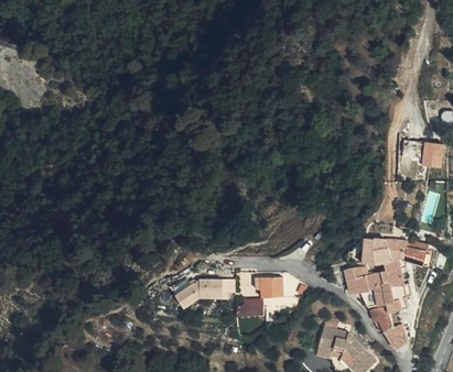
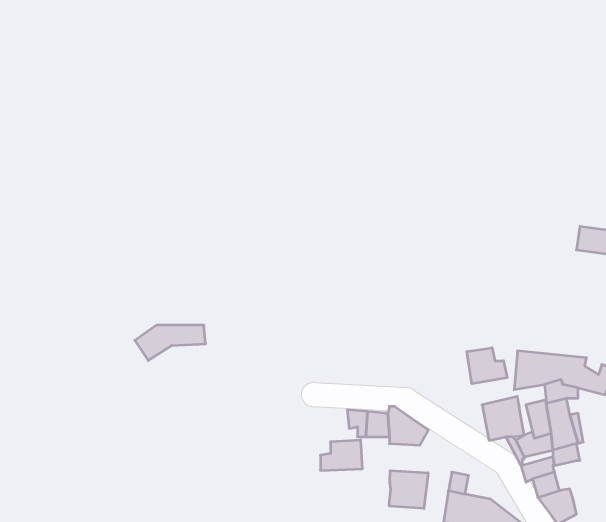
building: none -> [467,348,507,384]
building: [173,282,219,305] -> [135,325,206,361]
building: none -> [389,471,428,509]

